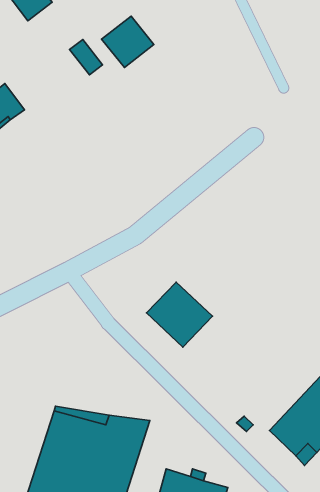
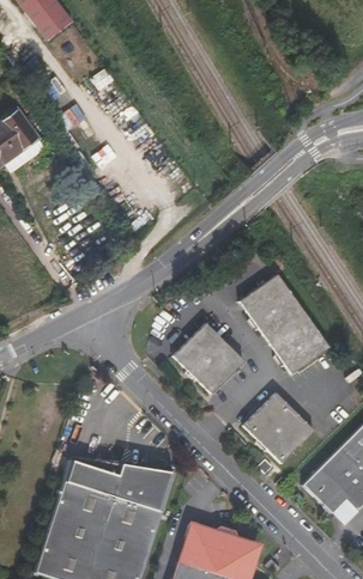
building: [102,16,154,68] -> none
building: none -> [237,275,328,373]
building: none -> [243,394,314,463]

